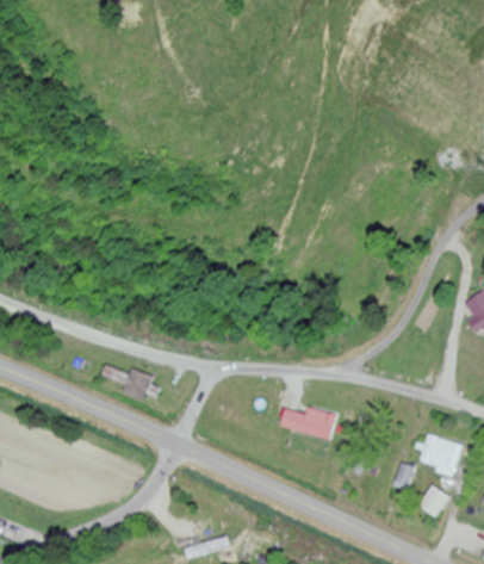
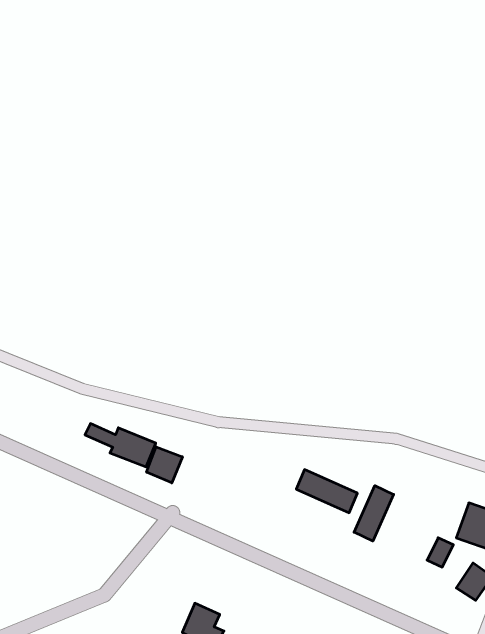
building: none -> [147,447,182,483]
building: none -> [354,486,394,541]

